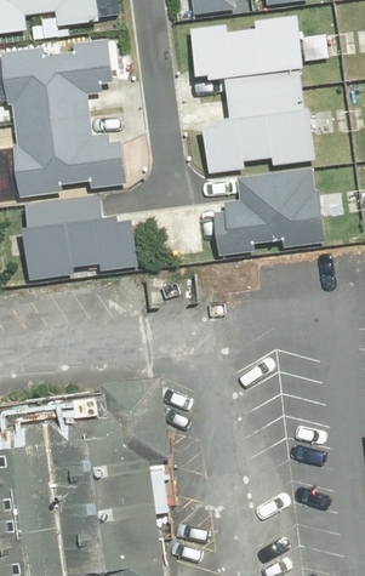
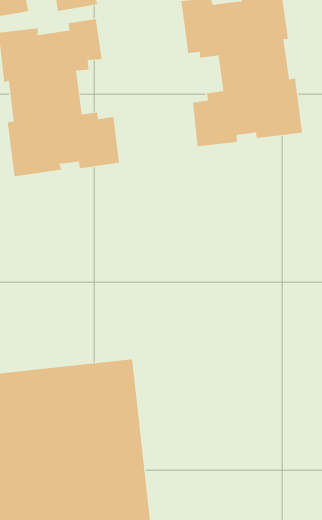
building: [211,170,325,256] -> none
building: [19,194,142,280] -> none

